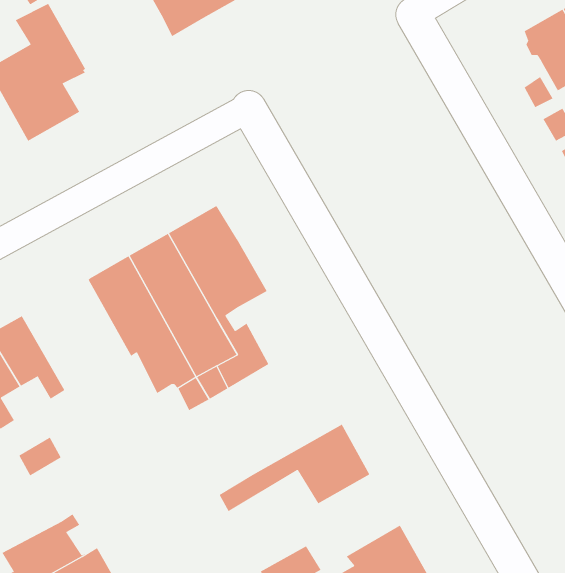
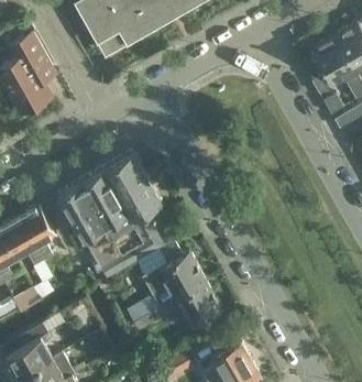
building: none -> [18,206,56,262]
building: none -> [127,252,206,324]

